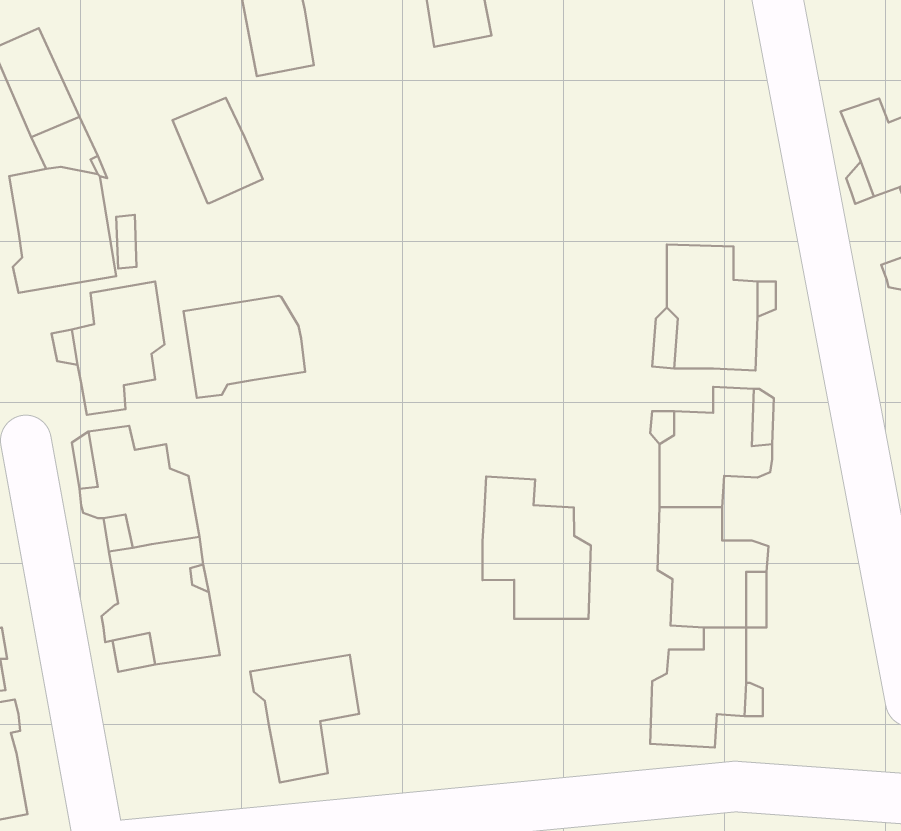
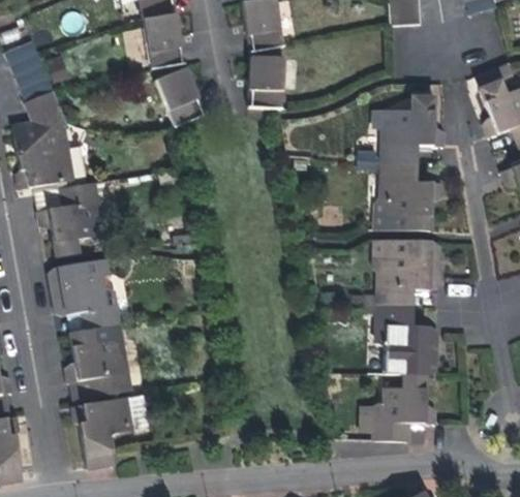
building: none -> [248,54,284,106]
building: [172,98,263,203] -> [155,66,206,125]
building: none -> [381,94,443,161]
building: [183,296,305,398] -> none
building: [482,476,591,619] -> none
building: [250,655,359,782] -> [71,396,132,467]

